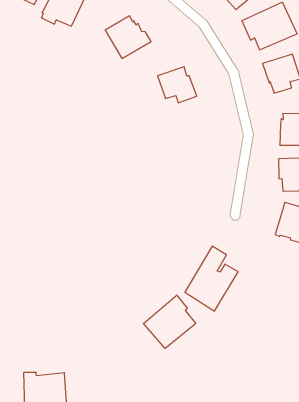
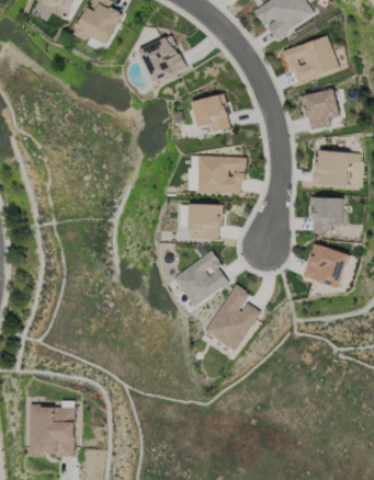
building: none -> [188,155,248,192]
building: none -> [188,205,220,239]
building: [143,295,196,348] -> [175,251,230,306]

